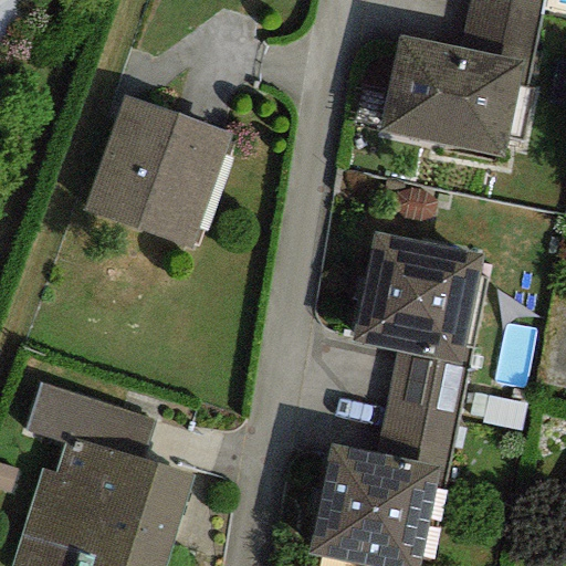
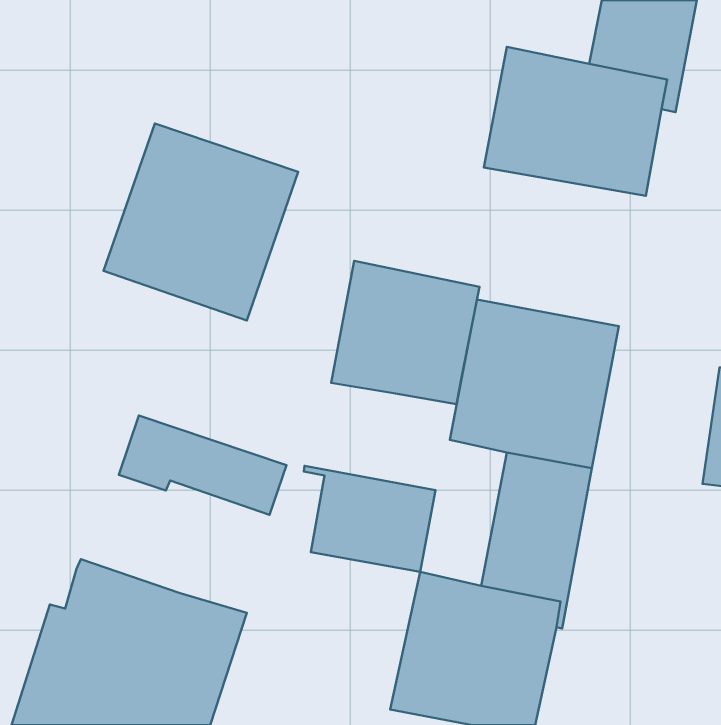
building: none -> [331,261,479,404]
building: none -> [304,466,435,572]
building: [27,385,157,462] -> [119,415,286,515]

